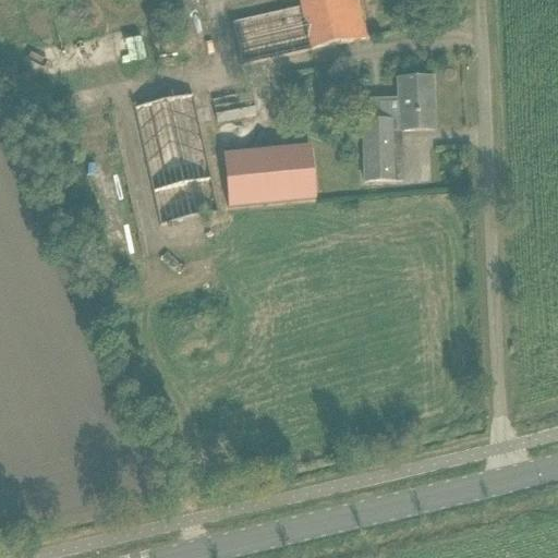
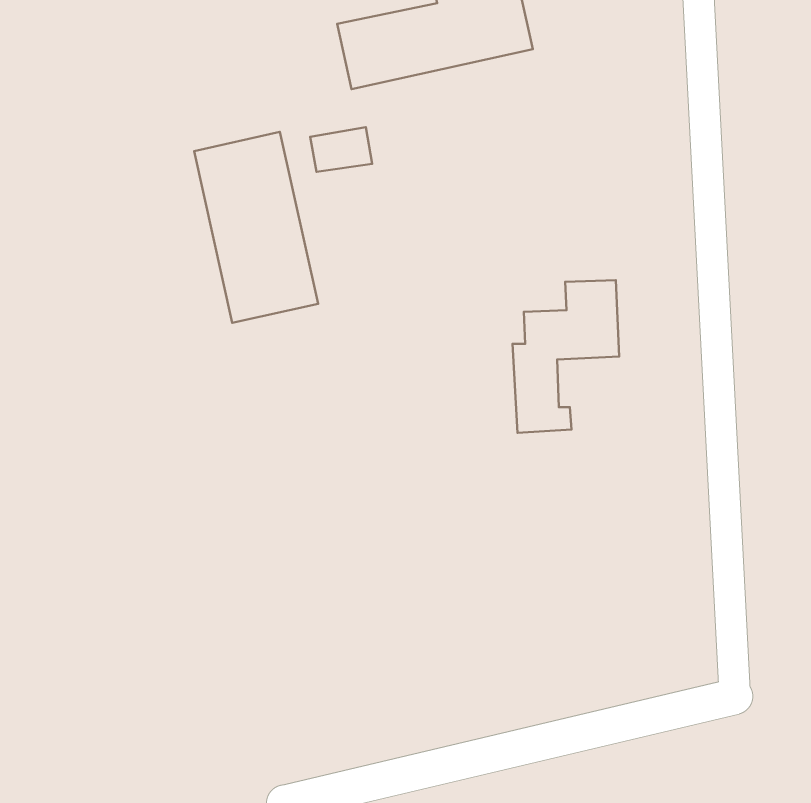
building: [362,73,435,178] -> [513,280,619,433]
building: [223,144,315,203] -> none

